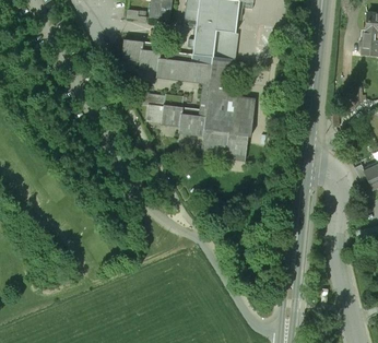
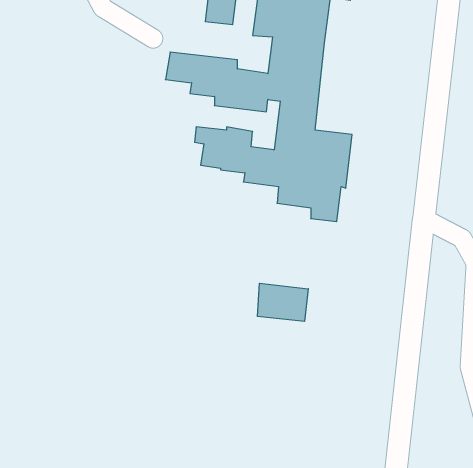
building: none -> [257,283,308,321]

